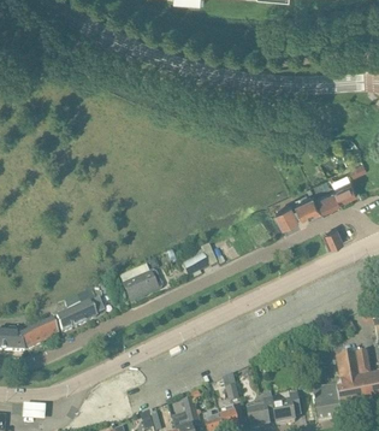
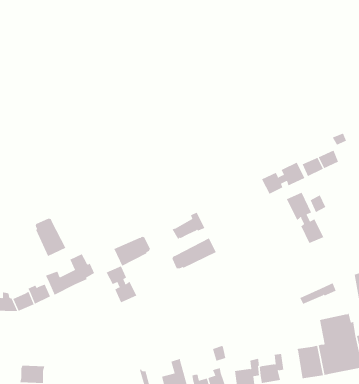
building: none -> [286,192,324,244]
building: none -> [35,218,66,257]
building: none -> [172,237,217,269]
building: none -> [106,266,137,303]

